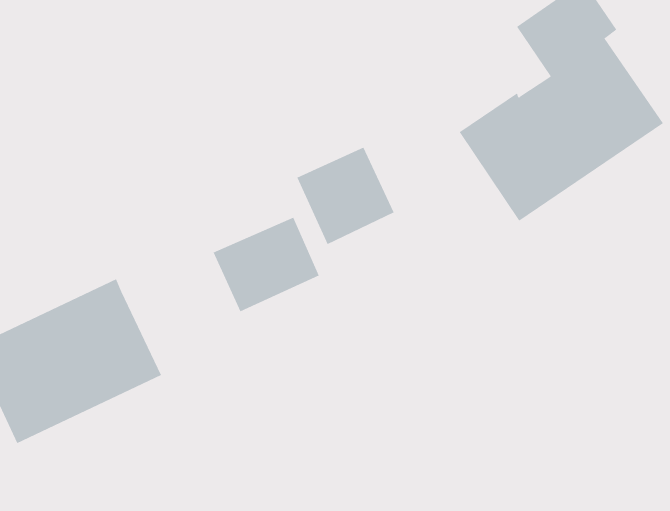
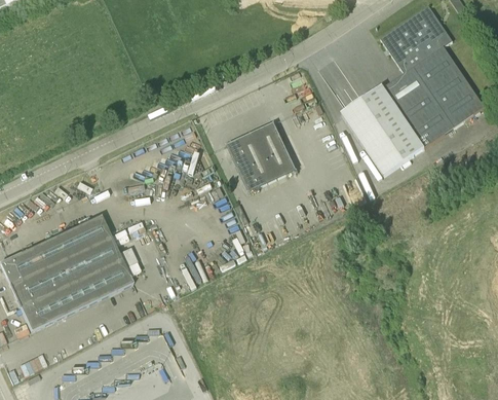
building: [213,217,320,312] -> none

